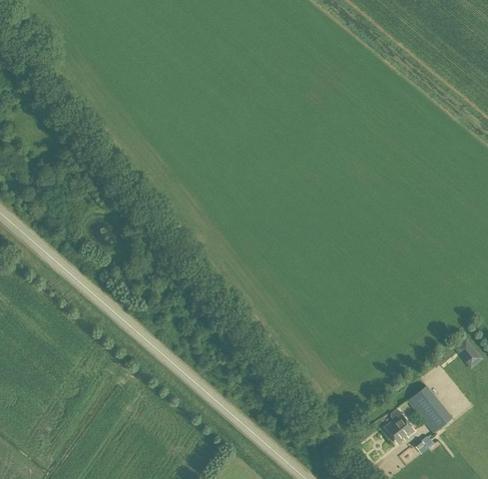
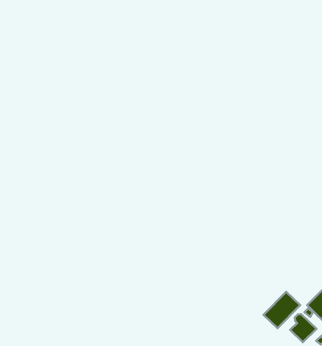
building: none -> [264,292,300,328]

